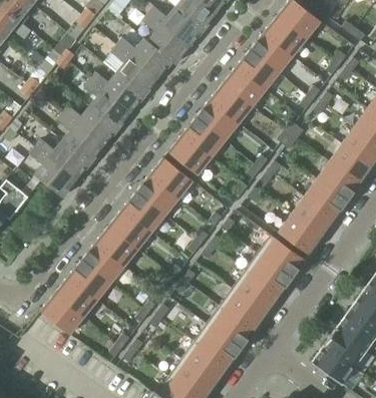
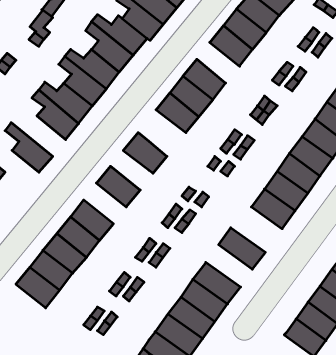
building: [223,66,266,107] -> none
building: [167,134,212,175] -> none
building: [35,139,90,181] -> none
building: [135,175,178,216] -> none
building: [108,209,151,250] -> none
building: [257,235,305,279] -> none
building: [232,271,279,314] -> none

